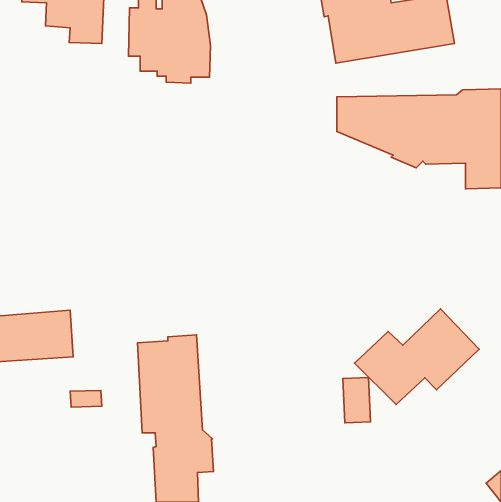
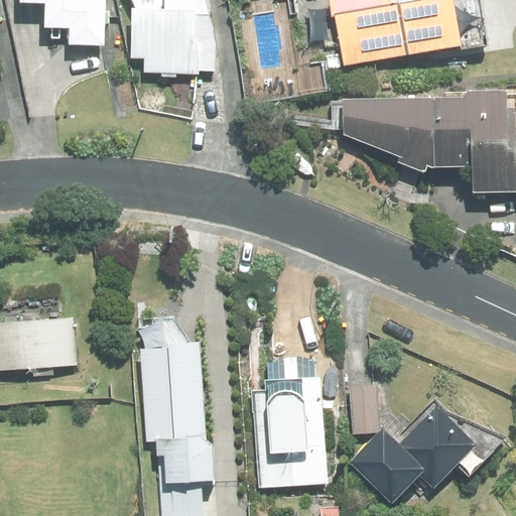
building: [355,309,479,405] -> [351,405,478,503]
building: none -> [252,356,326,485]

